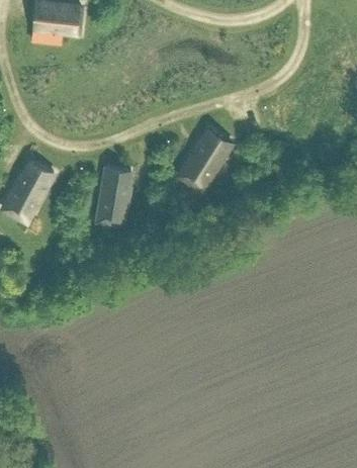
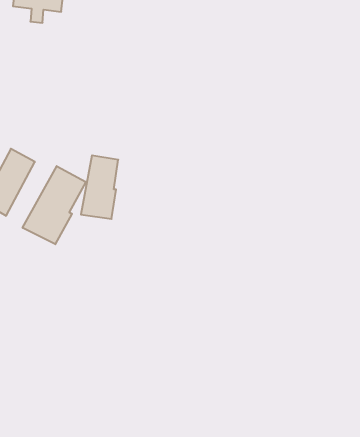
building: [179,129,232,190] -> none
building: none -> [23,166,86,244]

